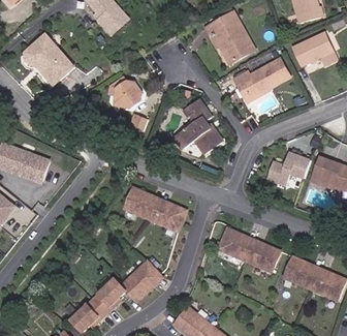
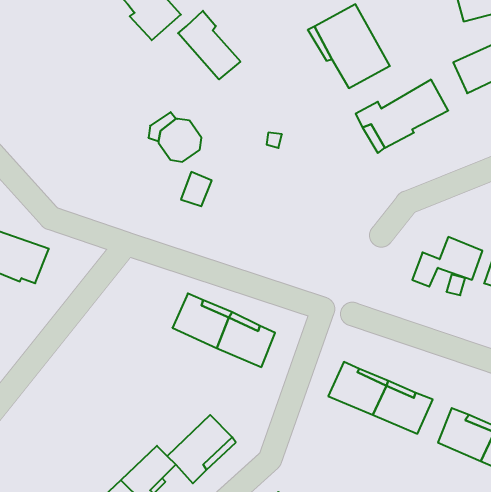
building: none -> [178,11,240,79]
building: [27,34,75,85] -> none
building: [171,97,222,154] -> none

